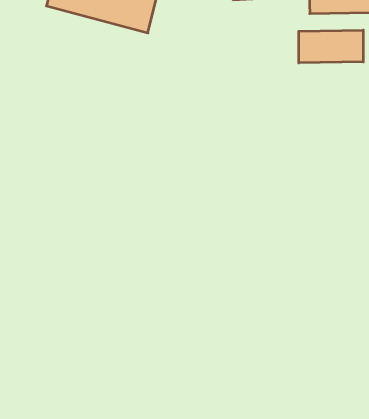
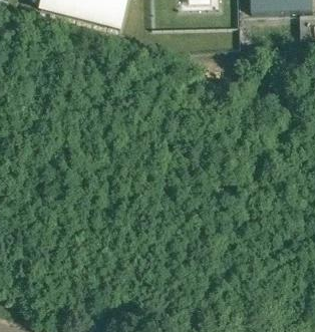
building: [299,30,363,63] -> none

